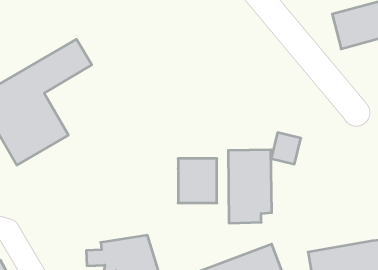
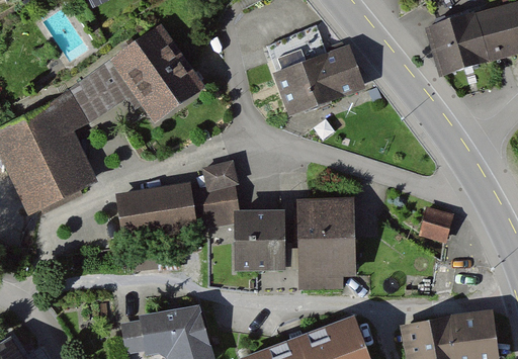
building: none -> [109,27,203,124]
building: none -> [272,46,359,115]
building: none -> [117,166,237,237]
building: [271,133,301,164] -> [414,204,451,244]

